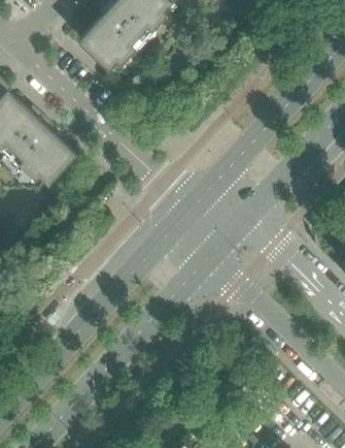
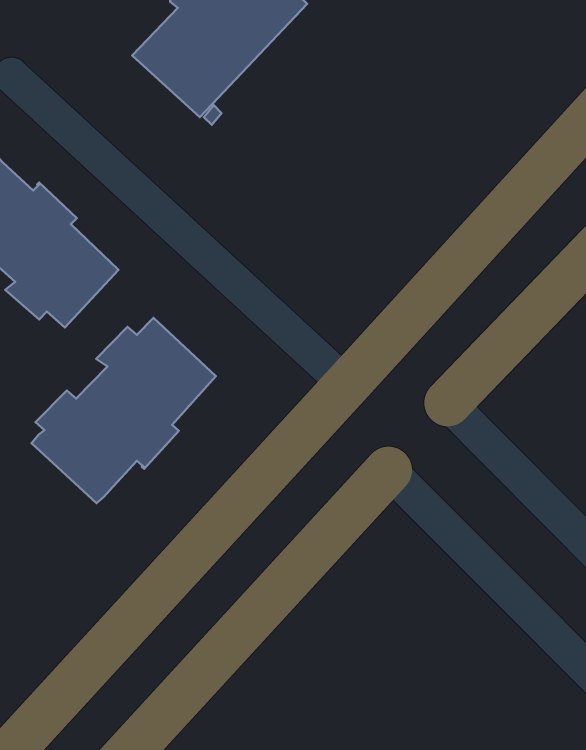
building: none -> [32,318,216,503]

